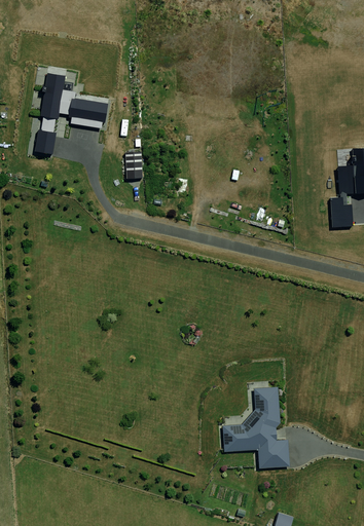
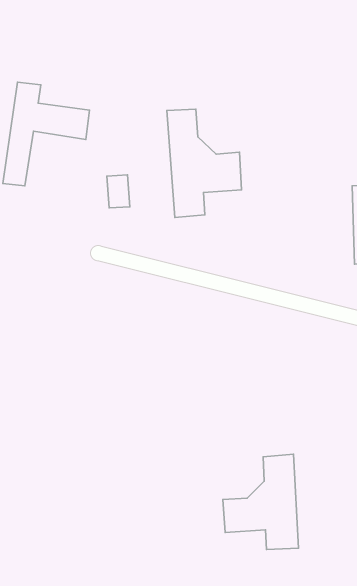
building: none -> [167,109,242,217]

